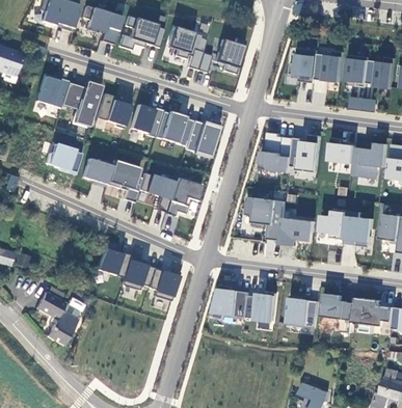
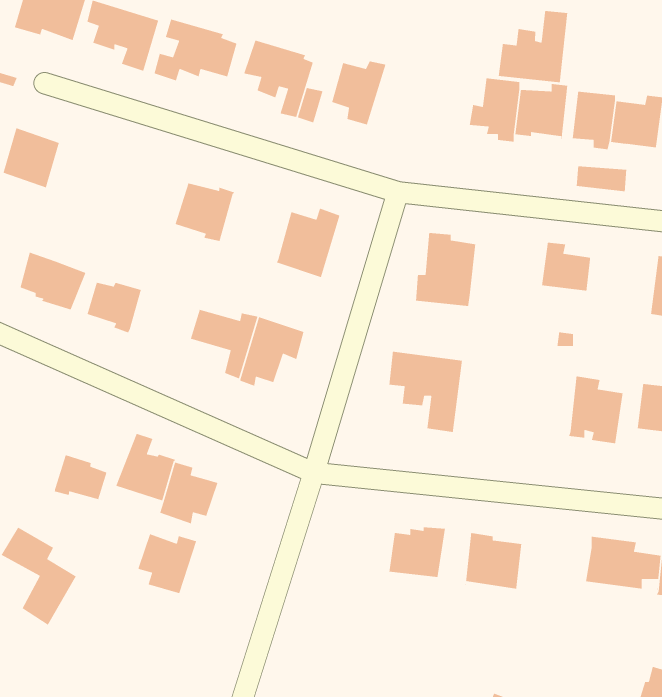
building: none -> [498,10,568,83]
building: [60,80,100,126] -> none
building: [96,92,131,128] -> none
building: [154,110,192,145] -> none
building: [290,133,320,171] -> none
building: [351,141,386,178] -> none
building: [105,159,141,201] -> none
building: [319,208,347,239] -> none
building: [279,216,315,245] -> none
building: none -> [54,454,107,500]
building: [146,267,179,300] -> [138,533,197,594]
building: [211,283,248,319] -> none
building: [321,292,355,332] -> none

